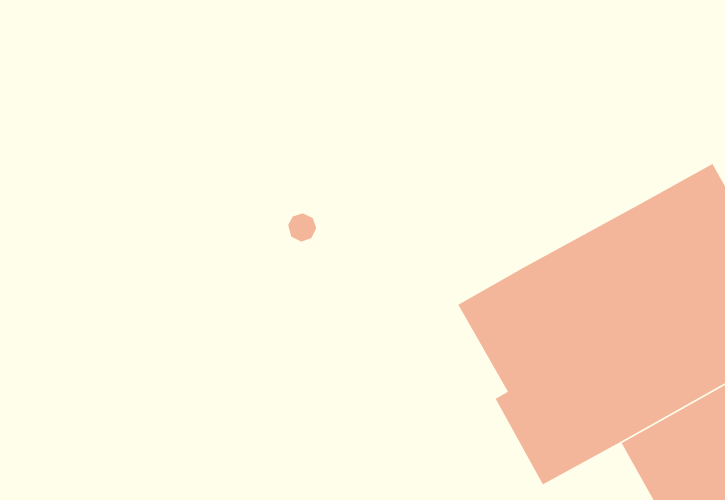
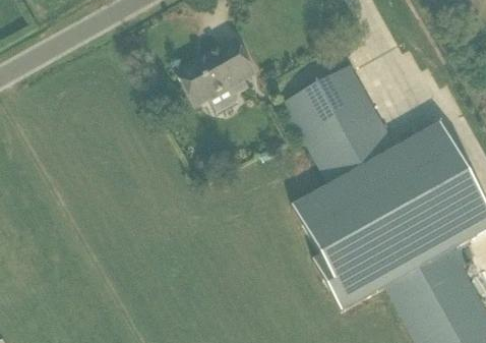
building: none -> [178,37,255,110]
building: none -> [286,65,397,183]

